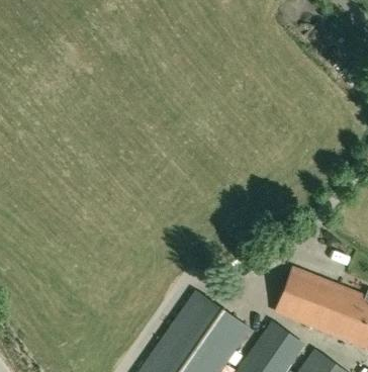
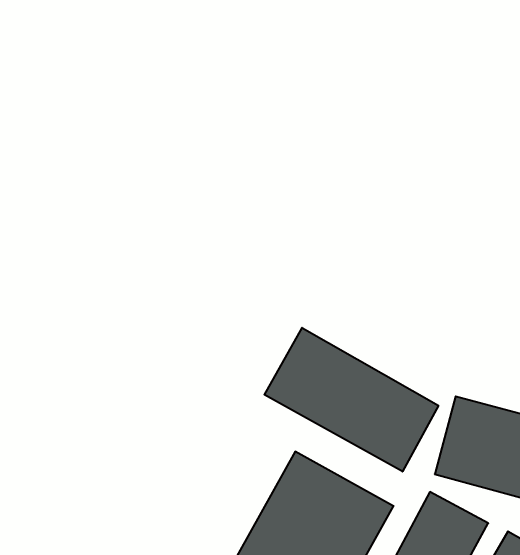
building: none -> [264,328,438,472]

